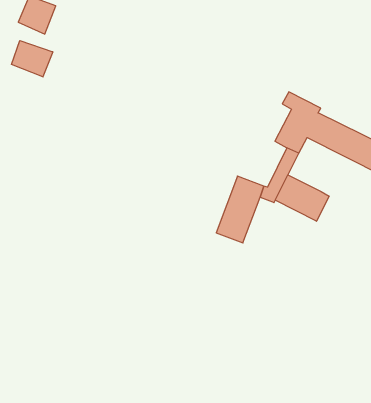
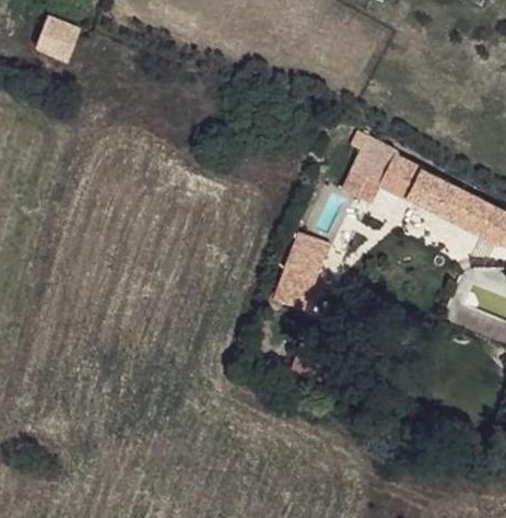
building: [11,41,53,77] -> none
building: [275,175,329,221] -> none

